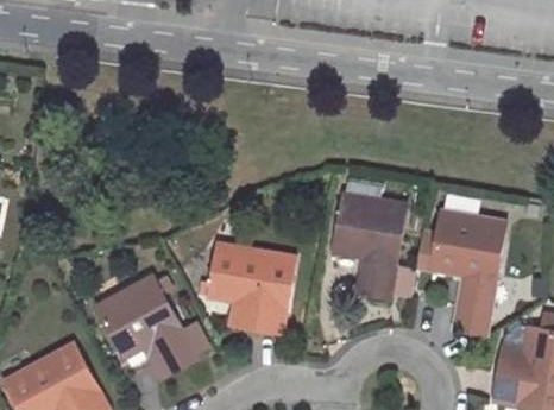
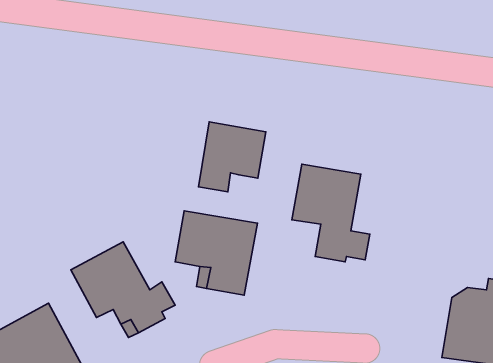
building: none -> [198,122,266,192]
building: [416,210,505,315] -> none

